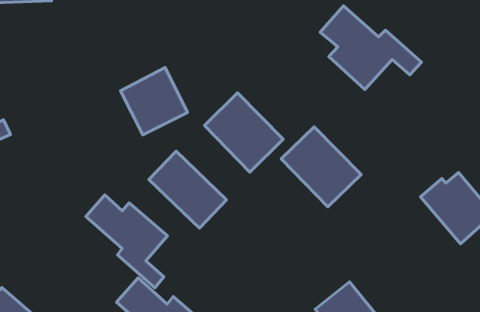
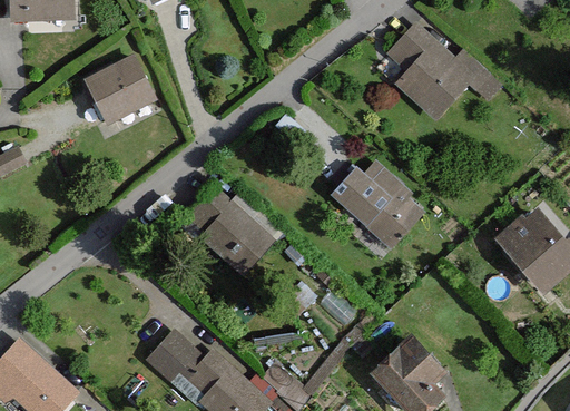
building: [120,67,188,135] -> [80,49,157,126]
building: [204,93,283,172] -> none
building: [86,195,167,288] -> none

